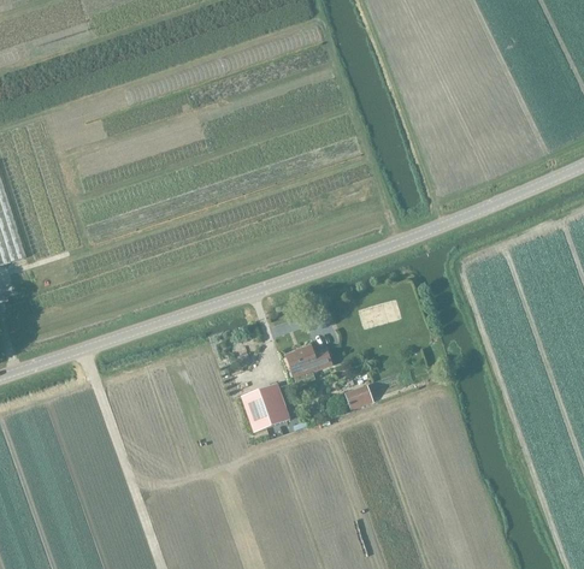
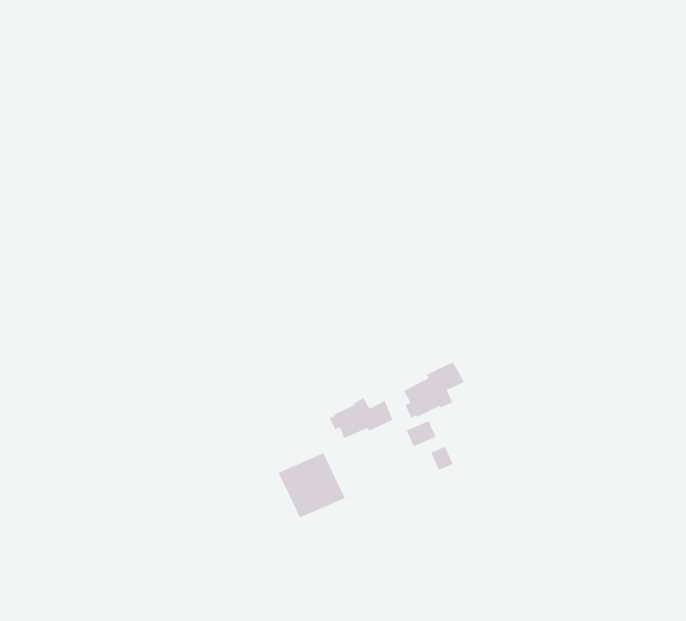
building: none -> [403,361,465,419]

